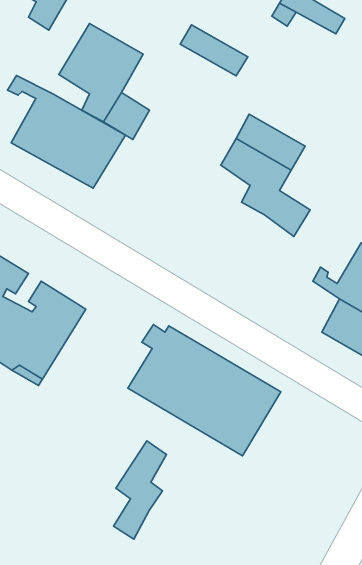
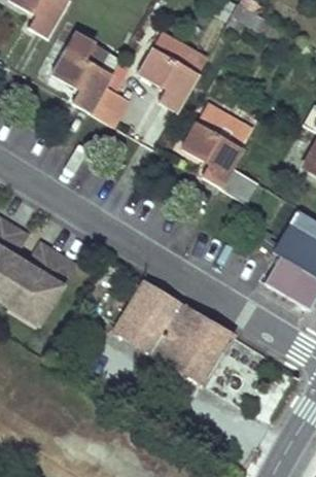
building: none -> [138,49,197,112]
building: [8,75,125,188] -> none
building: [113,441,166,539] -> none

